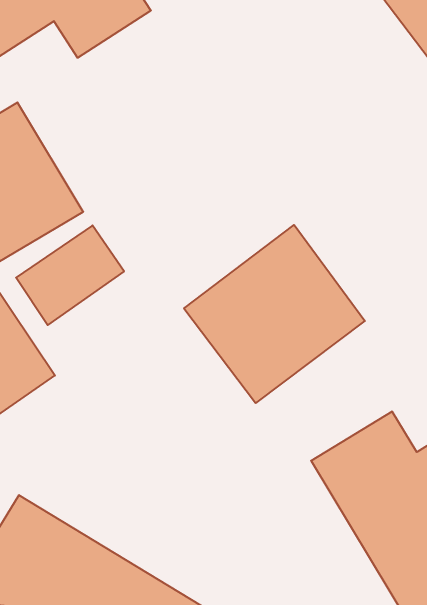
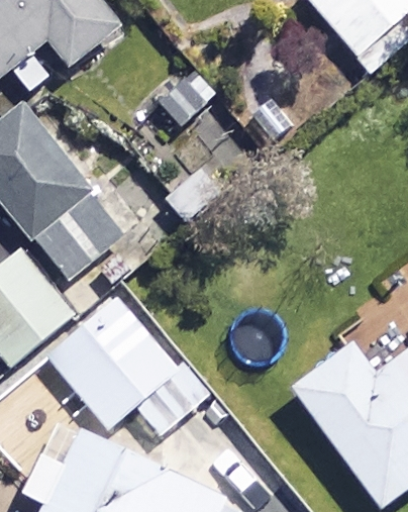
building: [184,225,365,403] -> none
building: none -> [44,291,212,436]

